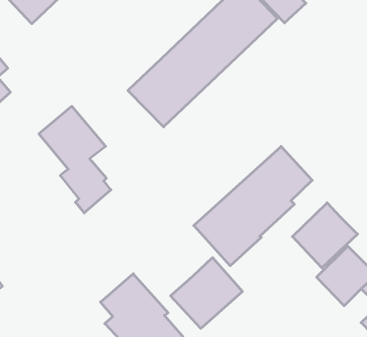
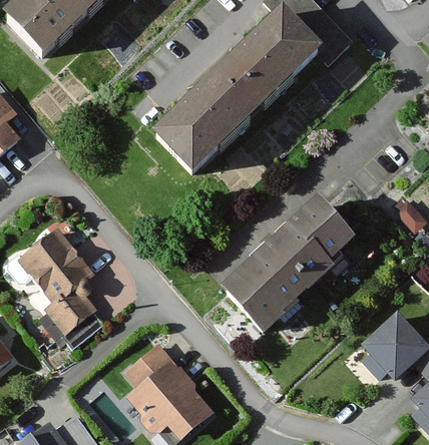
building: [39,106,111,213] -> [16,228,97,348]
building: [292,203,358,268] -> none
building: [171,258,242,328] -> none

